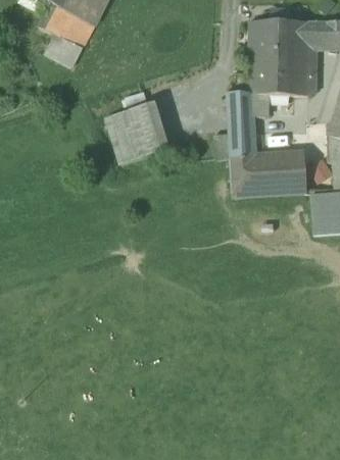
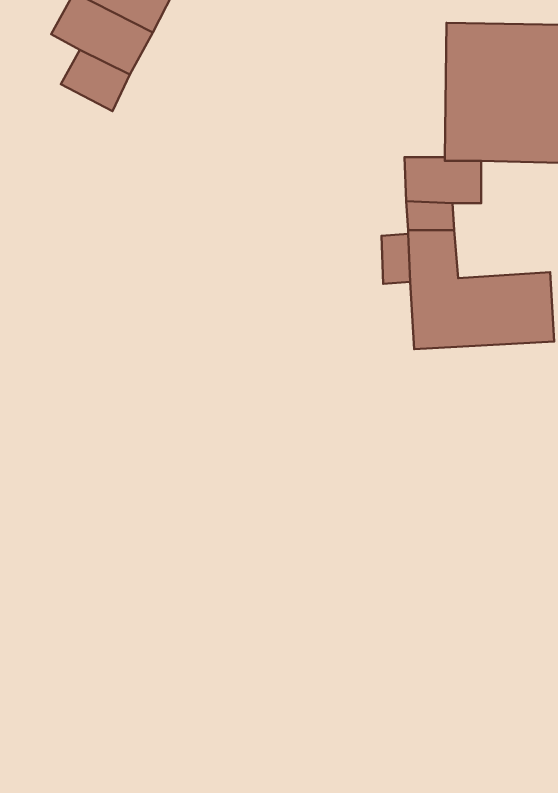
building: [108,104,161,163] -> none

